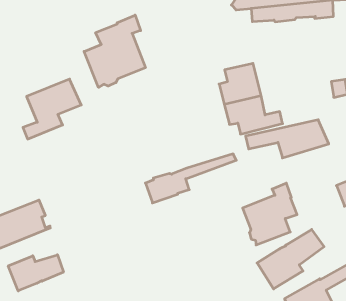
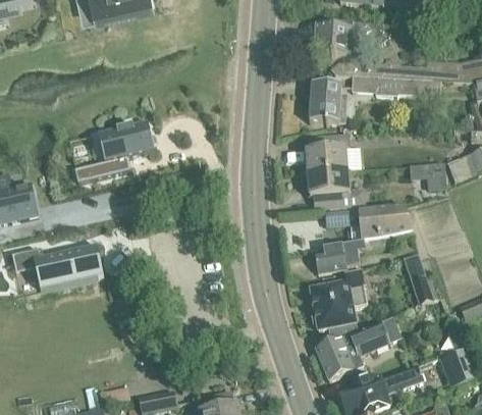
building: [84,15,145,87] -> none
building: none -> [308,84,345,125]
building: [145,154,236,203] -> [313,235,414,273]
building: [8,255,63,291] -> none

